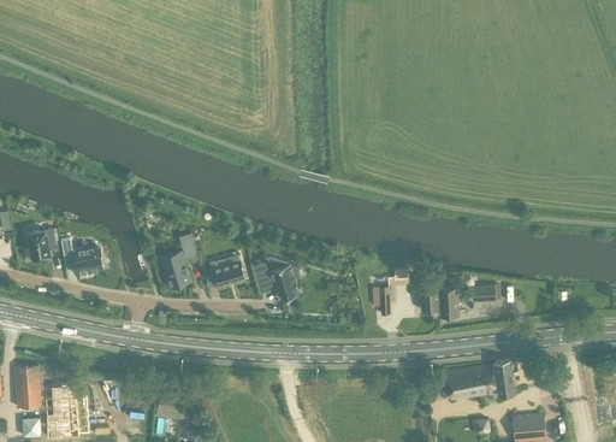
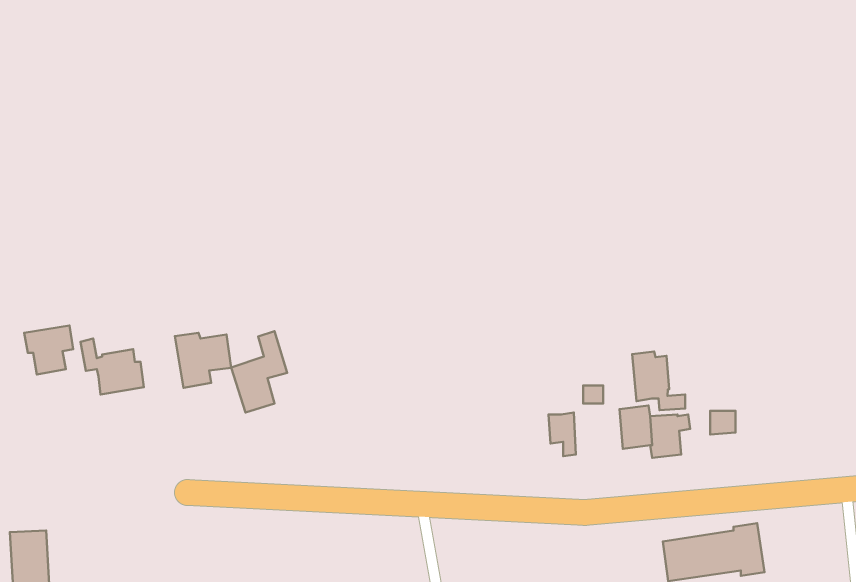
building: none -> [175,333,231,388]
building: none -> [632,351,685,410]
building: [205,253,245,288] -> none
building: [250,255,301,299] -> none

